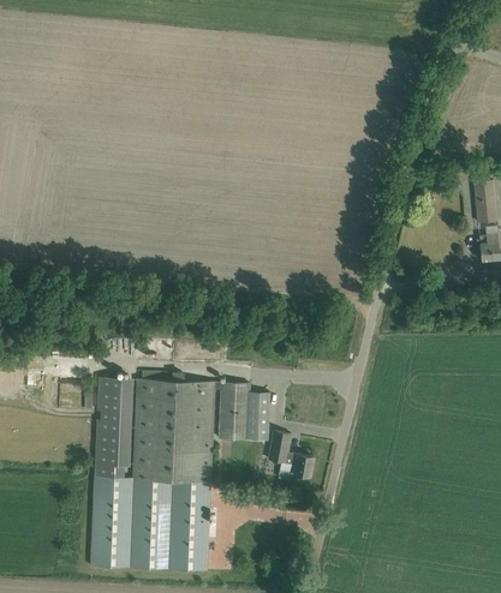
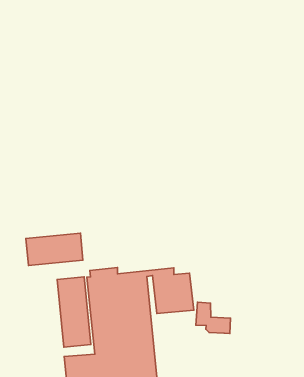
building: none -> [26,233,83,266]

